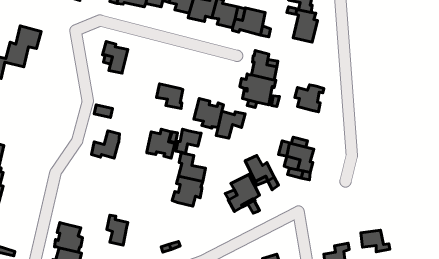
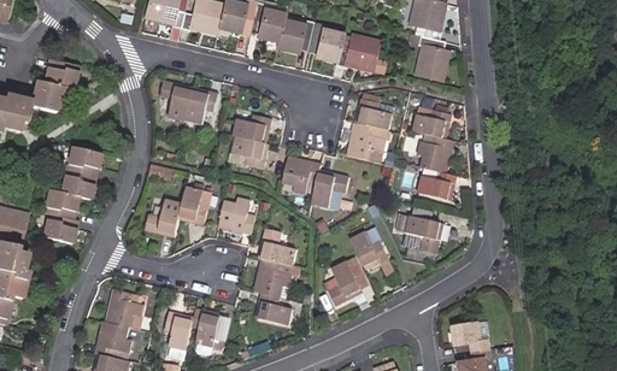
building: none -> [187,90,219,125]
building: none -> [413,104,453,139]
building: none -> [233,114,274,142]
building: none -> [43,147,100,243]
building: none -> [418,171,458,200]
building: none -> [182,186,213,223]
building: [176,129,201,154] -> none
building: none -> [106,289,146,328]
building: none -> [259,294,294,326]
building: none -> [193,308,221,348]
building: [361,230,390,252] -> [449,323,488,352]

